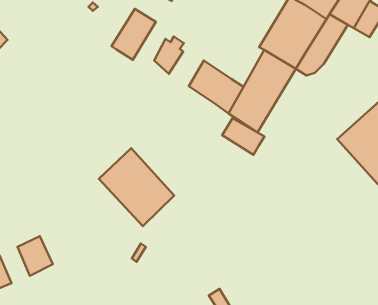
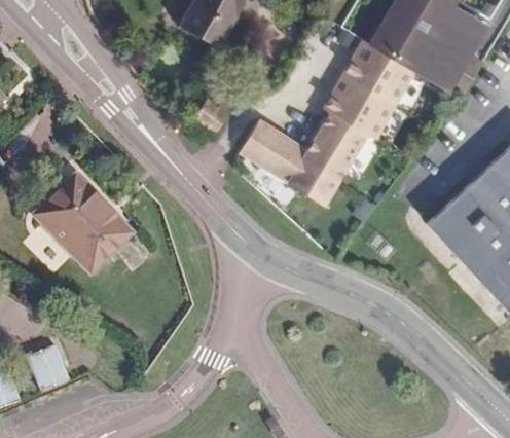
building: [111,9,156,60] -> none
building: [222,118,264,155] -> none
building: [99,148,174,226] -> [34,173,128,269]

